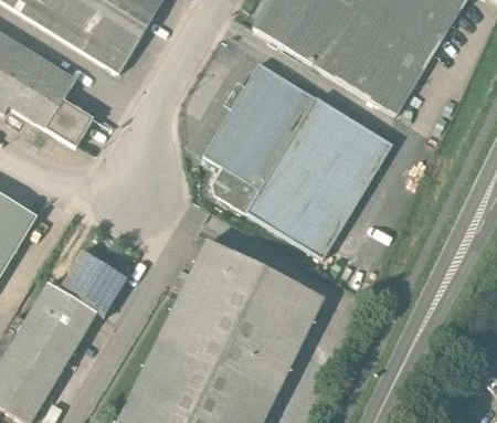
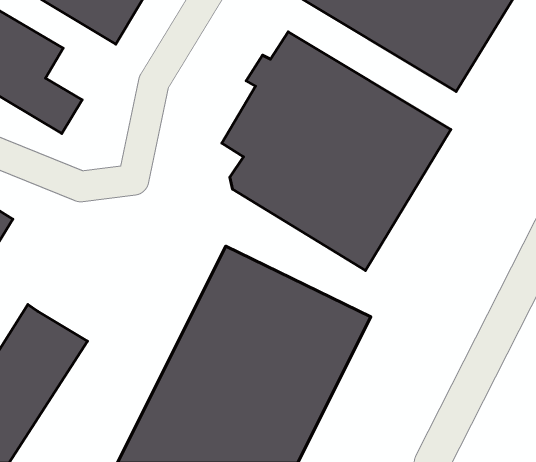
building: [54,250,127,320] -> none

